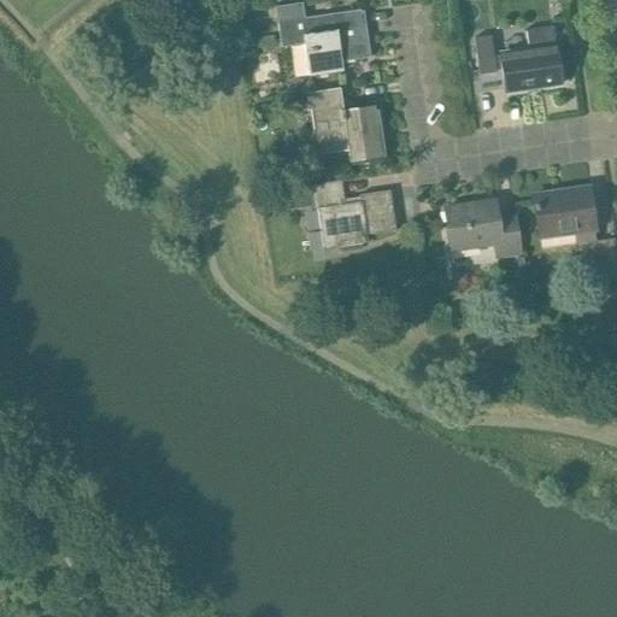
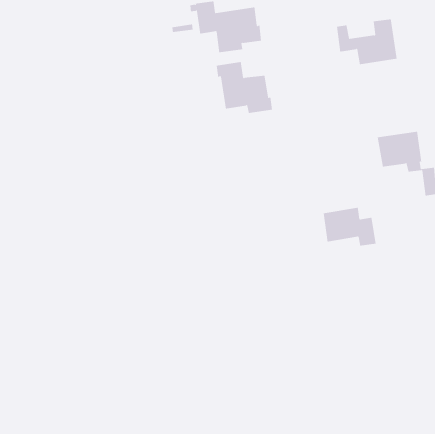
building: [312,180,398,248] -> none
building: [446,200,522,255] -> [323,207,376,246]

